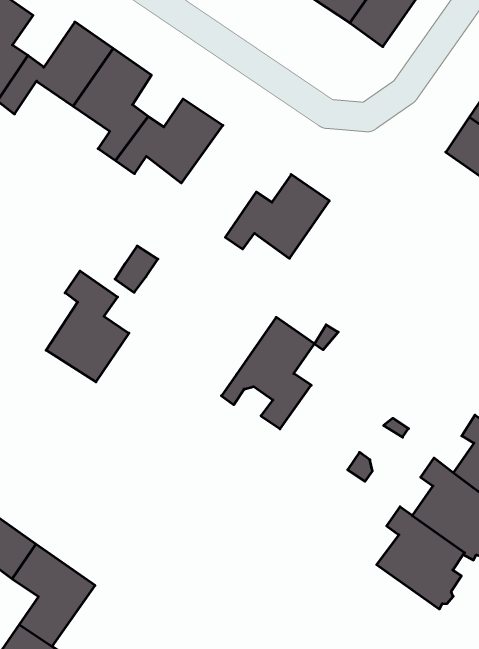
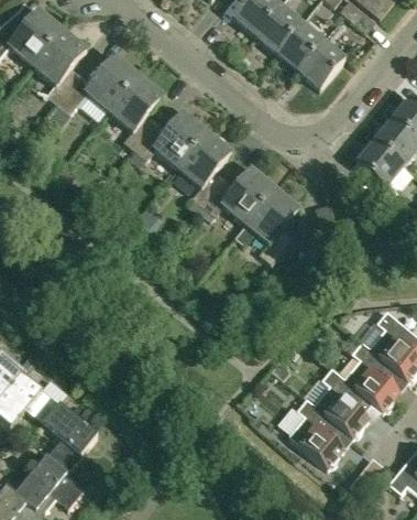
building: none -> [177,132,231,207]
building: [46,271,129,382] -> none
building: [221,317,314,429] -> [234,188,299,263]

